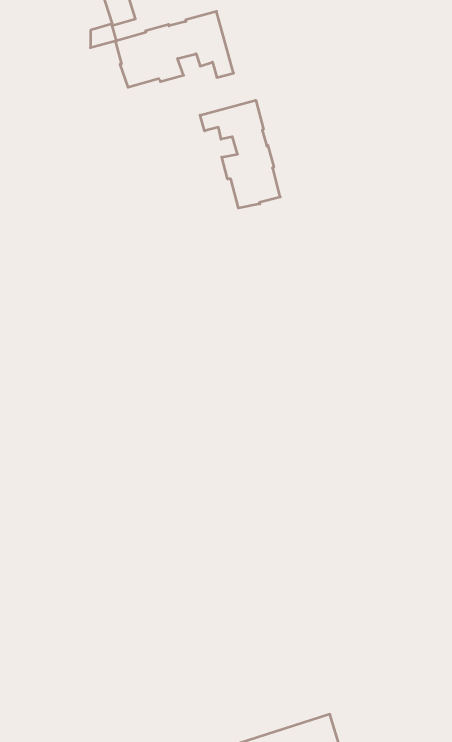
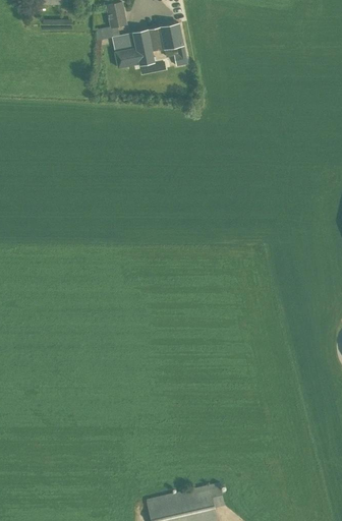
building: [200,100,280,208] -> none

